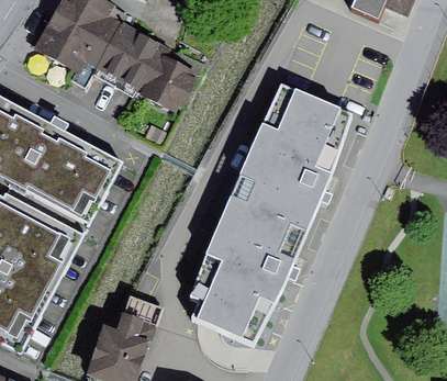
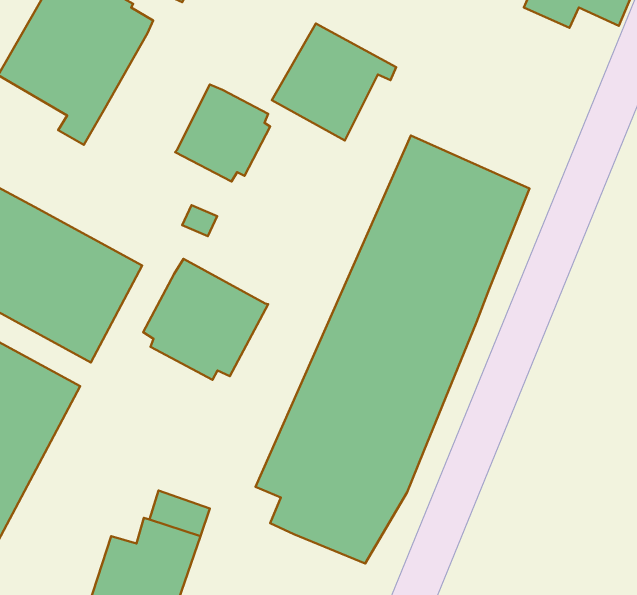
building: [97,22,171,92] -> [272,23,396,140]
building: none -> [143,259,268,380]

